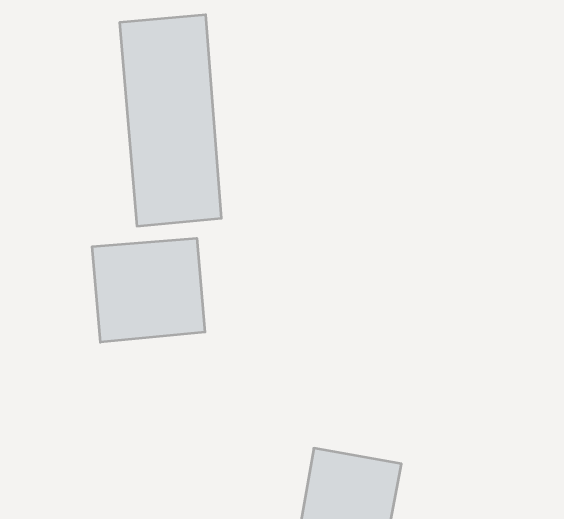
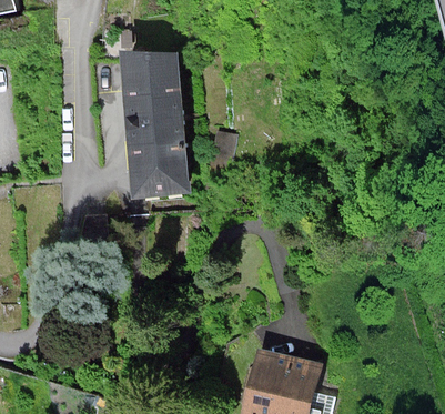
building: [92,238,205,342] -> none

